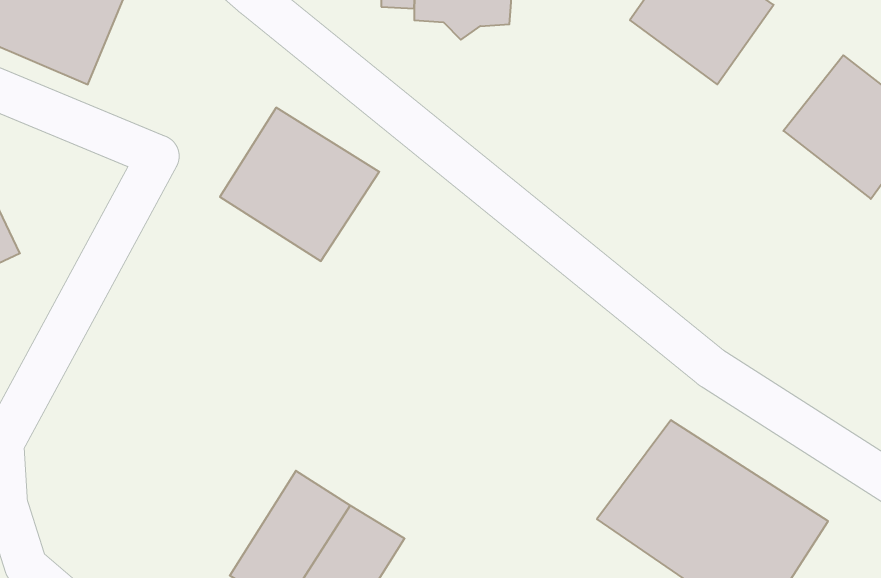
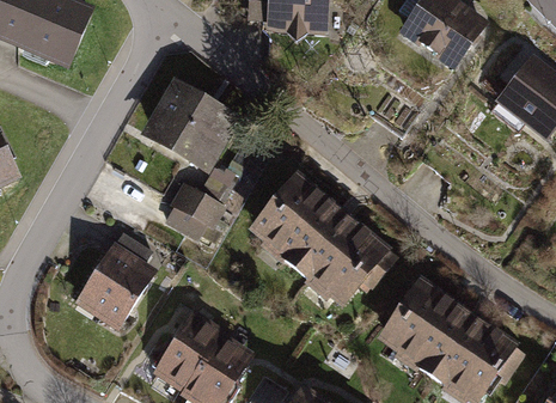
building: none -> [256,178,401,317]
building: none -> [165,187,227,243]
building: none -> [75,225,160,330]

